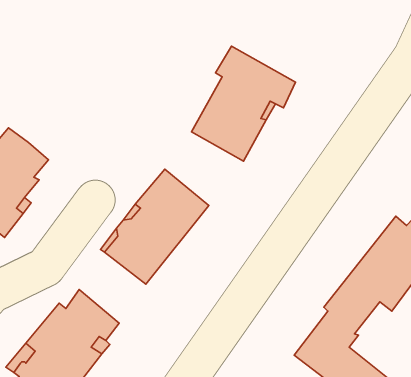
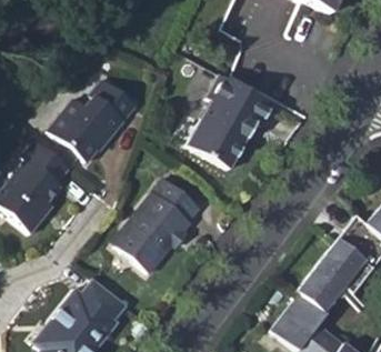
building: none -> [50,79,138,168]

